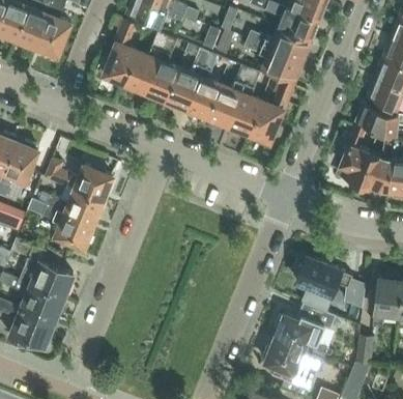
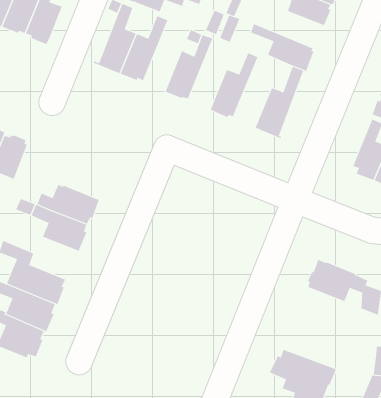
building: [247,26,312,61] -> none
building: [145,35,180,102] -> none
building: [186,52,222,118] -> none
building: [228,69,263,135] -> none
building: [46,158,115,201] -> none
building: [274,305,336,358] -> none

